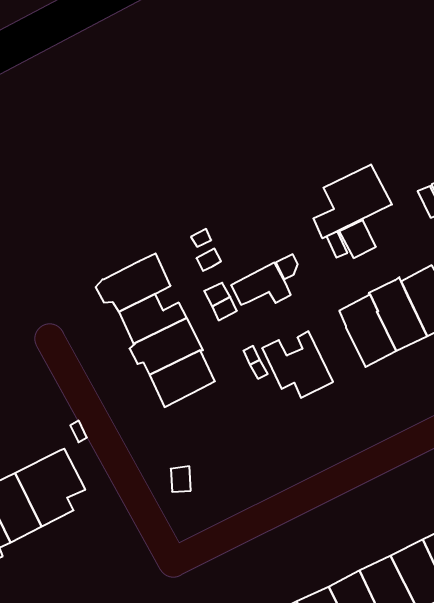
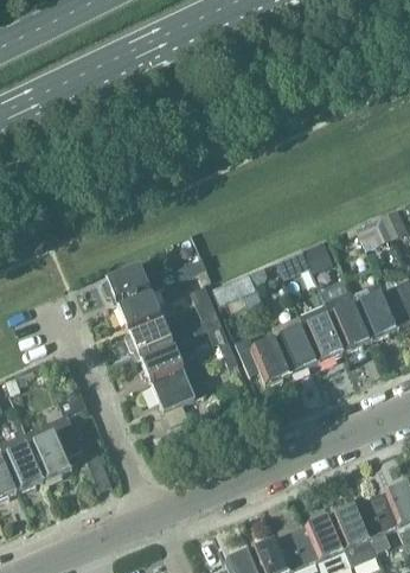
building: [313,164,392,238] -> none
building: none -> [273,314,319,373]
building: none -> [152,367,206,412]

